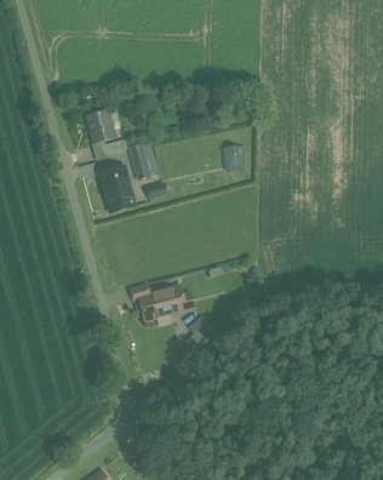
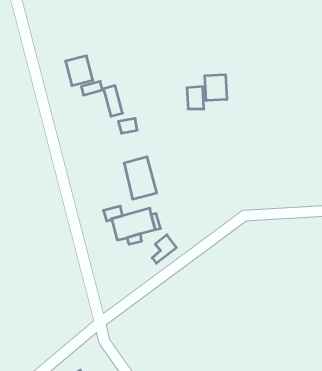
building: none -> [205,75,227,101]
building: [98,165,136,213] -> [124,157,157,199]

